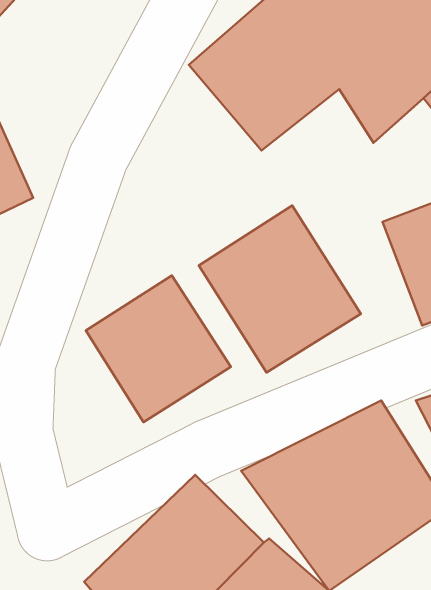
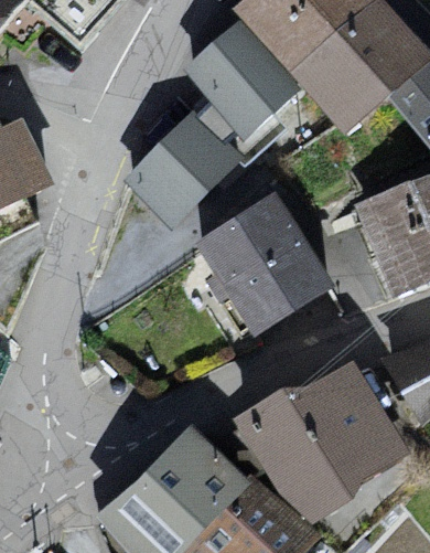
building: none -> [123,109,239,226]
building: [86,275,231,422] -> none

